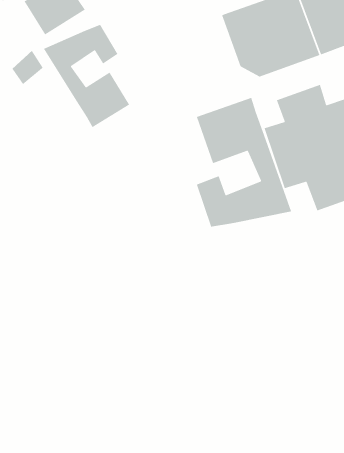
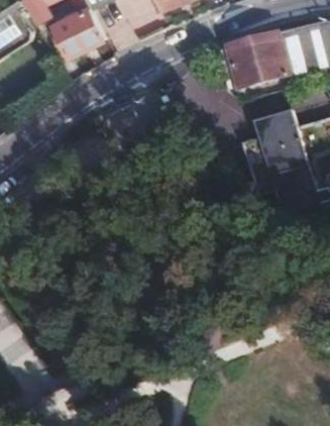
building: [43,24,130,128] -> none
building: [196,97,292,228] -> none

